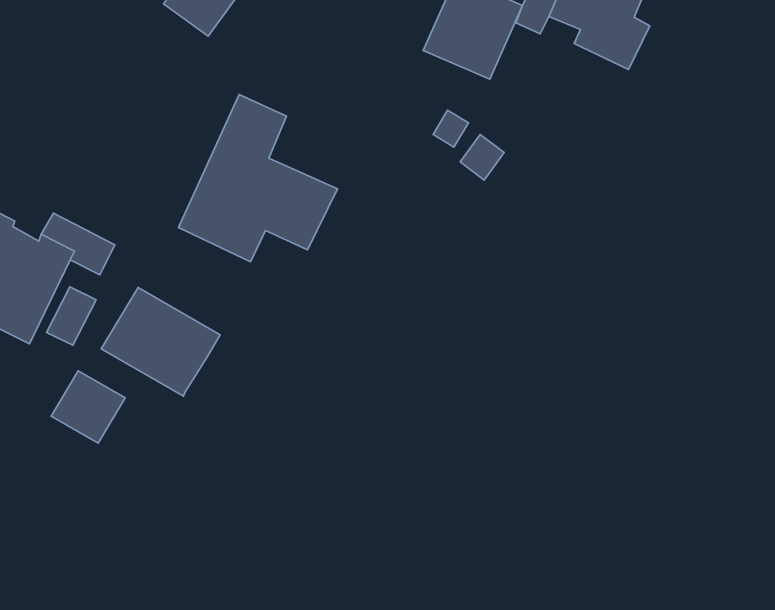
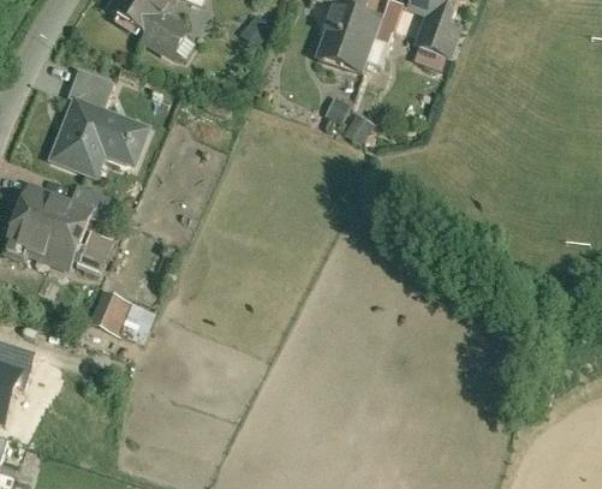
building: [179,94,337,262] -> [48,67,151,178]
building: [101,287,220,396] -> none

